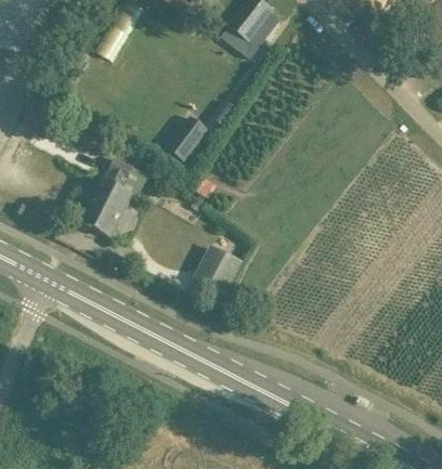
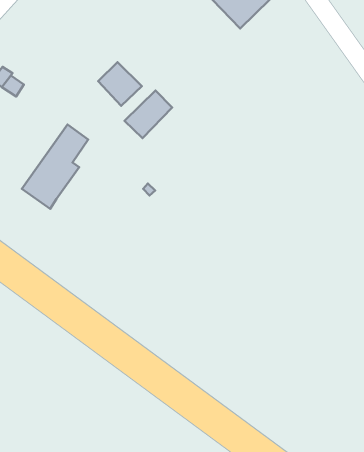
building: none -> [98,62,142,106]
building: [195,246,240,294] -> none

